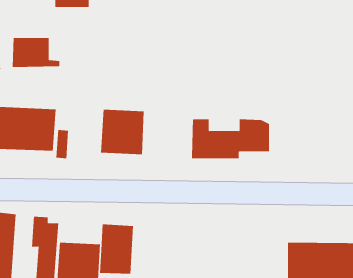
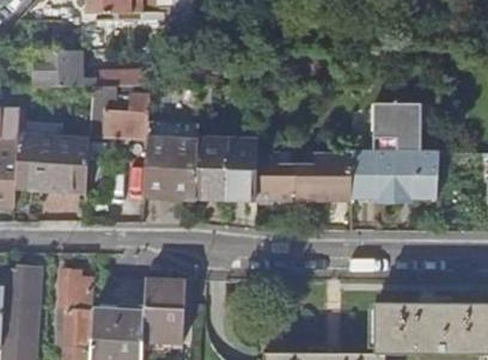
building: none -> [91,86,151,139]
building: none -> [353,100,438,199]
building: none -> [196,139,258,197]

